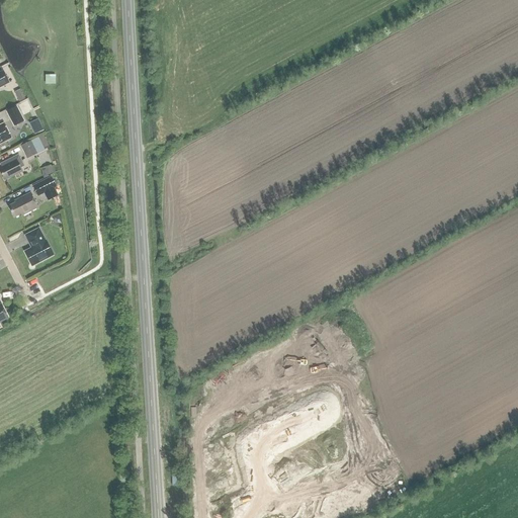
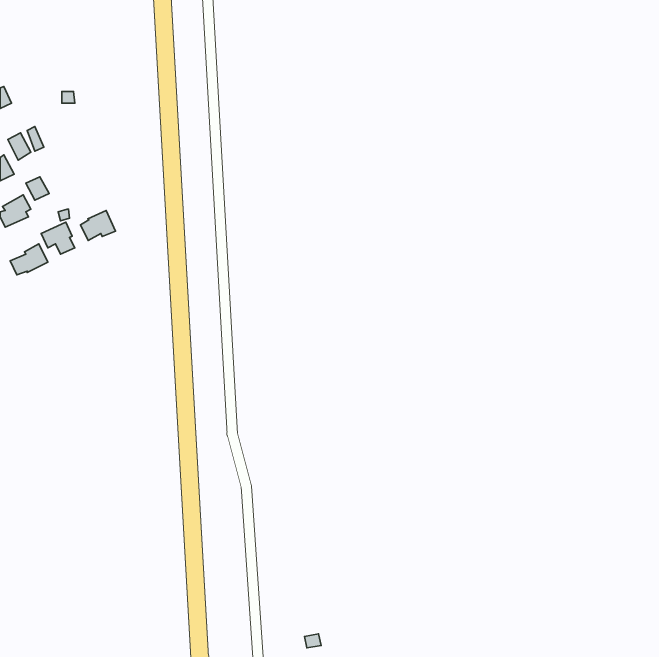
building: none -> [81,210,115,241]
building: [24,227,53,264] -> none

